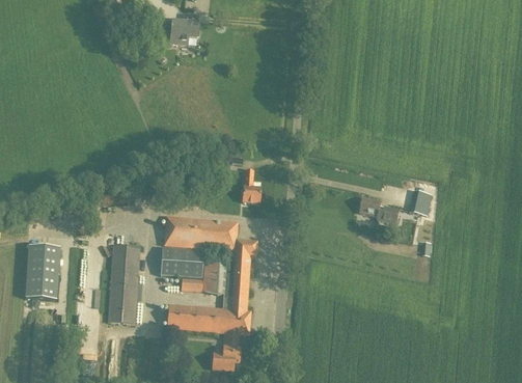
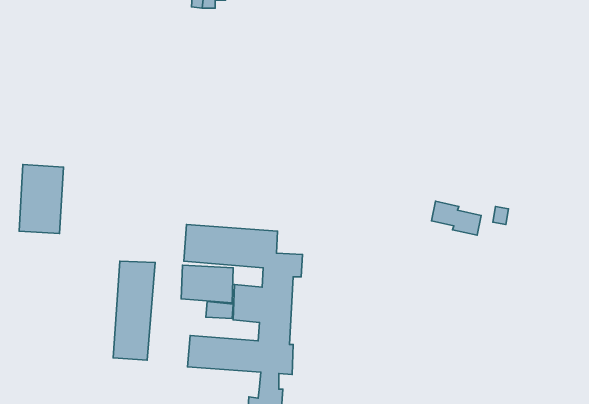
building: [244,170,262,202] -> none
building: [26,245,61,300] -> [19,165,63,234]

